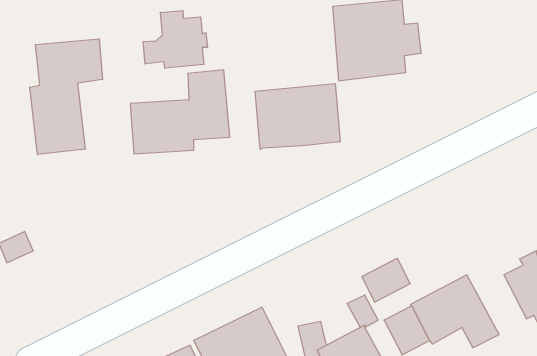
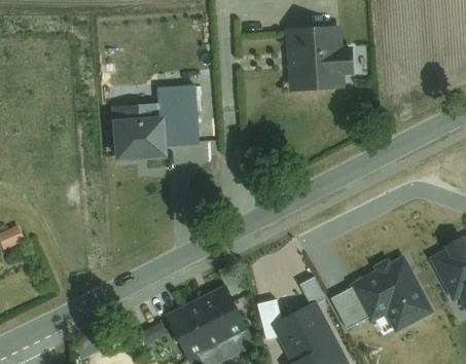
building: [143,10,208,68] -> none
building: [30,39,102,155] -> none
building: [255,84,340,149] -> none
building: [362,258,410,302] -> none

